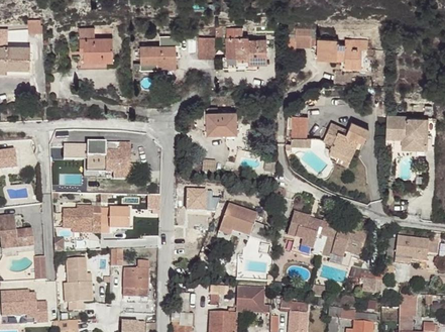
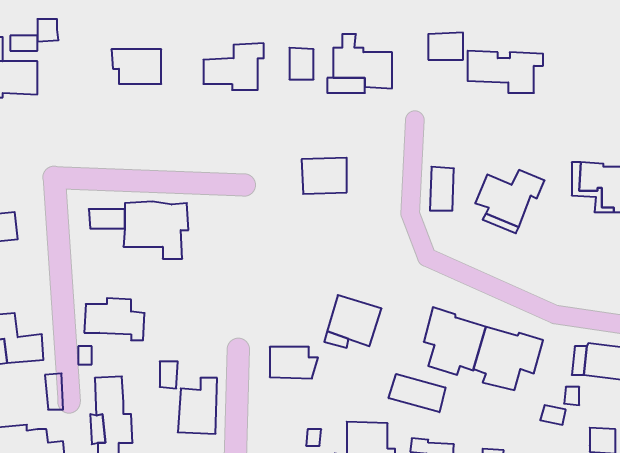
building: [187,190,219,211] -> [270,347,318,379]
building: [100,207,128,233] -> none
building: none -> [389,374,445,412]

